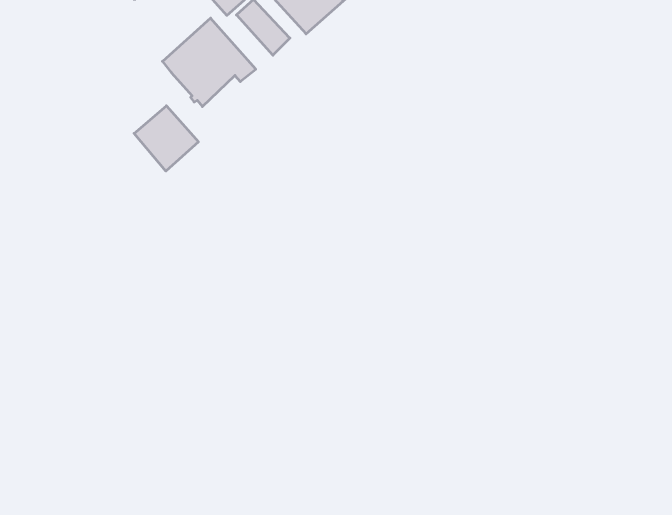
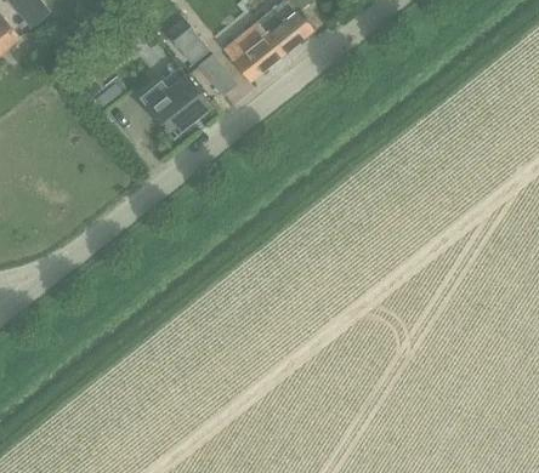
building: [134,106,198,171] -> none

